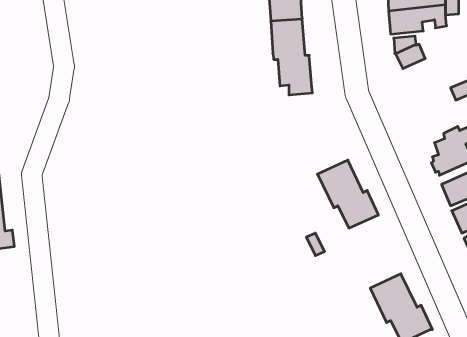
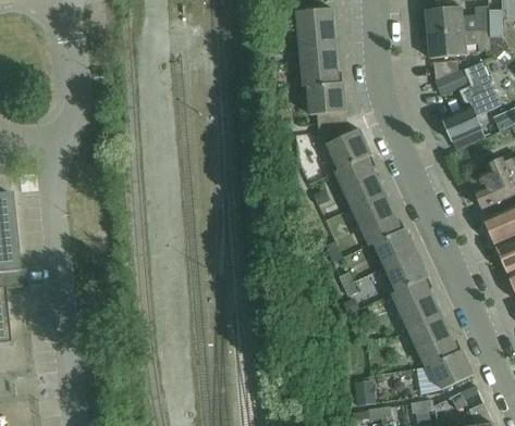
building: none -> [442,62,502,151]
building: none -> [319,127,384,209]
building: none -> [385,252,441,330]

